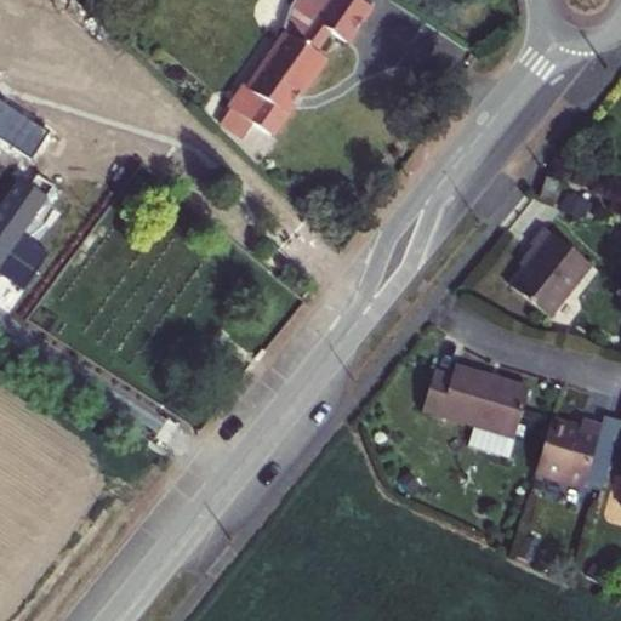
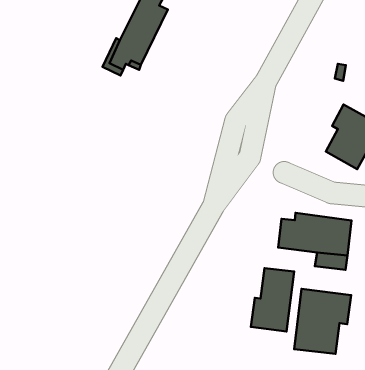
building: none -> [251,268,294,332]
building: none -> [294,289,351,354]

